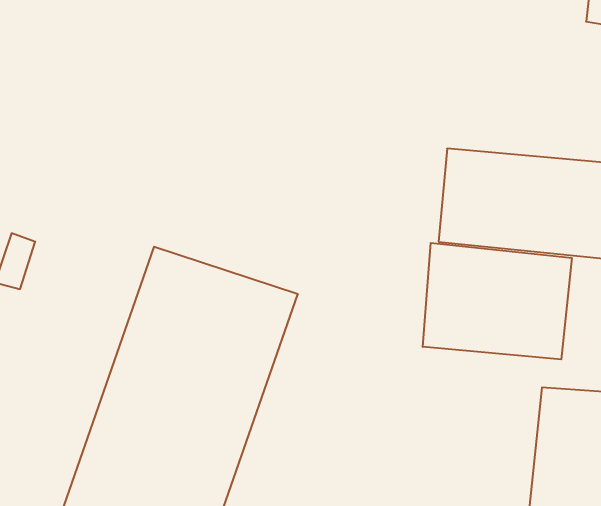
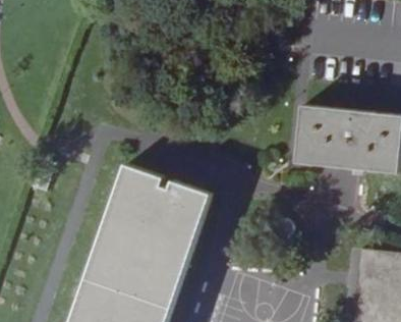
building: [423,243,572,359] -> none

